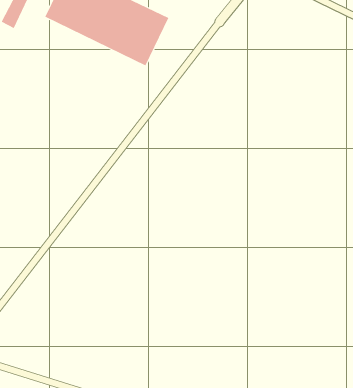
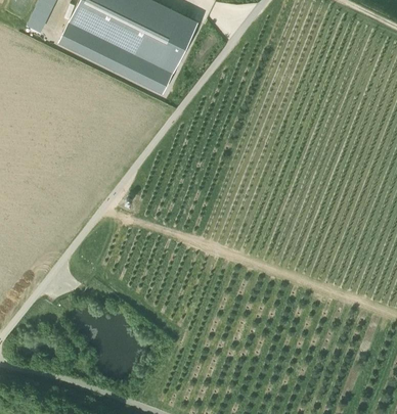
building: none -> [60,21,173,93]

